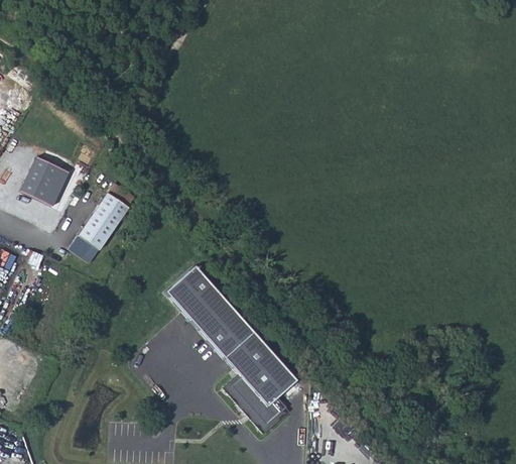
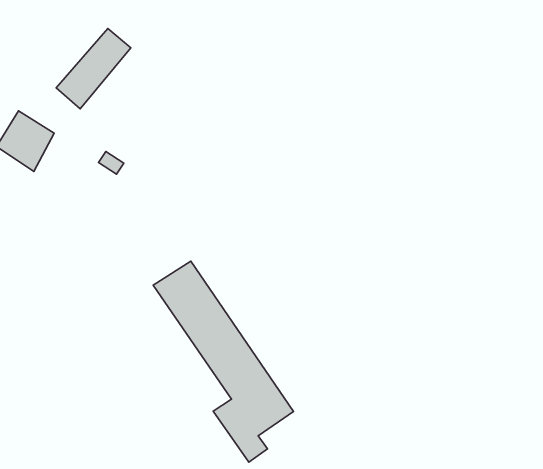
building: [70,193,128,263] -> [56,28,131,109]

